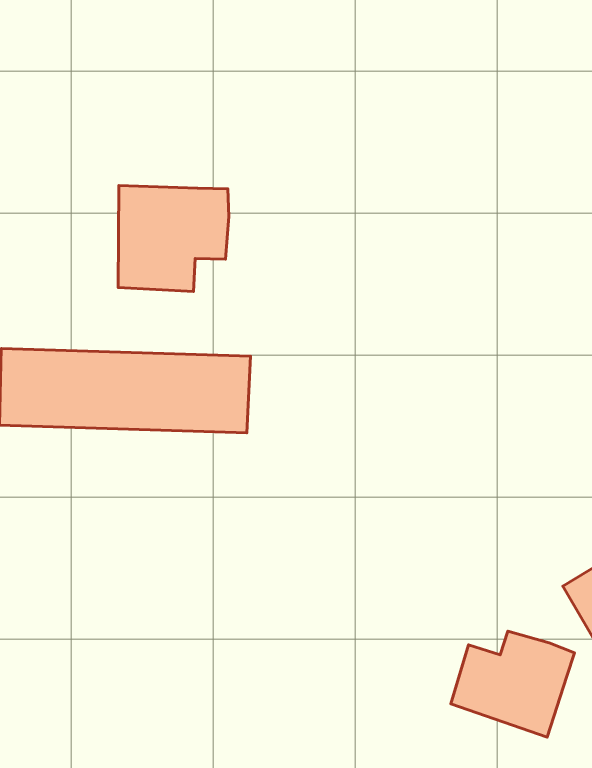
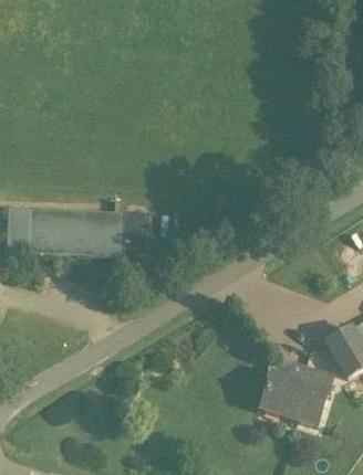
building: [118,186,229,291] -> none

